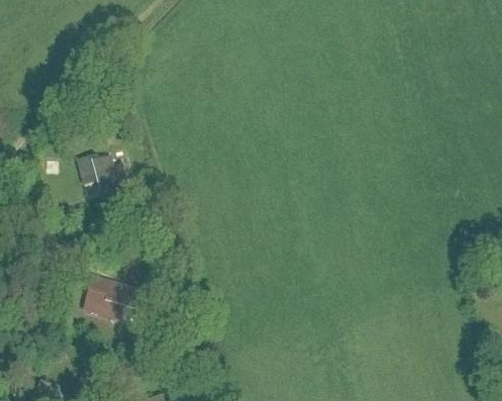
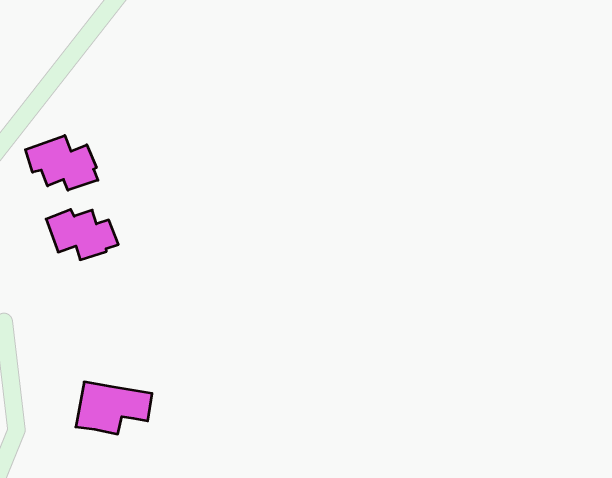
building: none -> [25,135,98,190]

